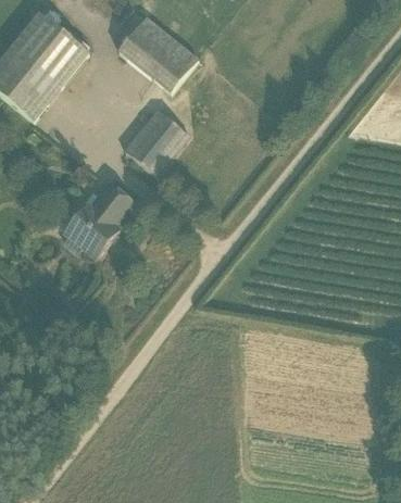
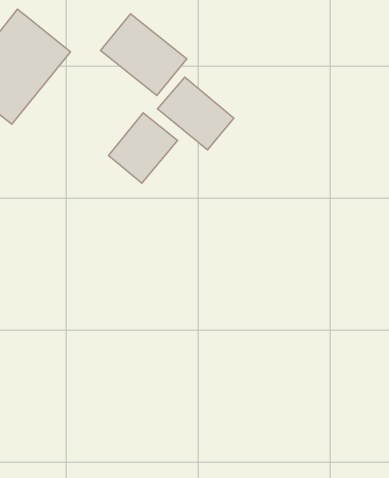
building: none -> [157,77,234,150]
building: [64,181,135,256] -> none

